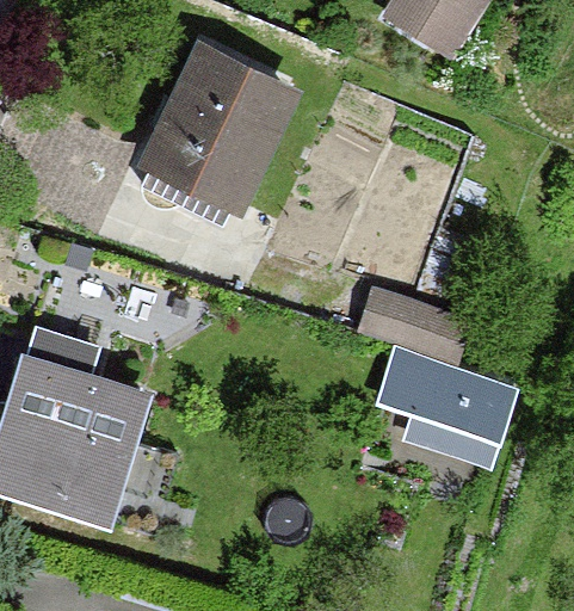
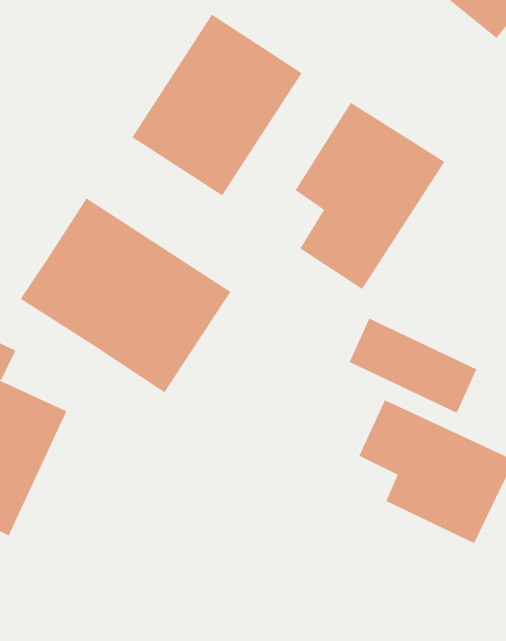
building: none -> [295,102,445,290]
building: none -> [20,198,231,393]

